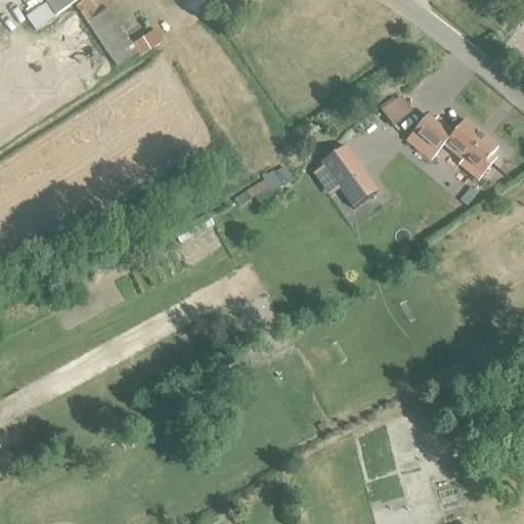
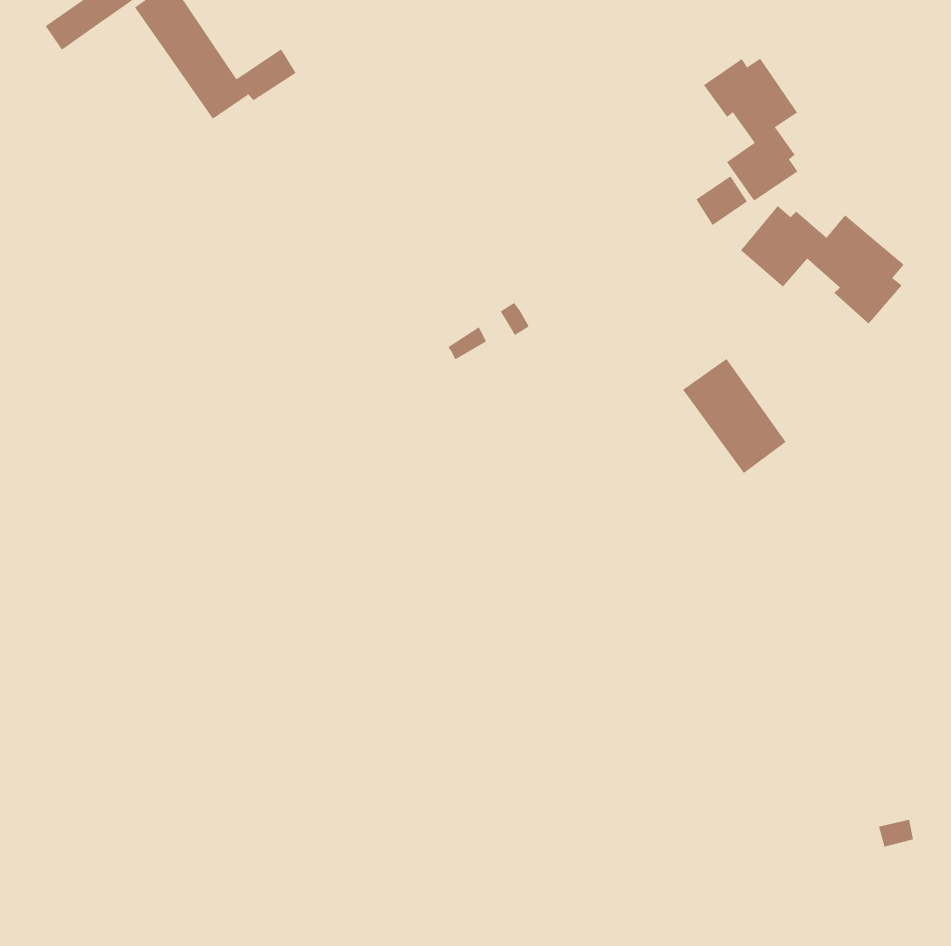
building: none -> [703,58,798,201]
building: [320,143,378,207] -> [682,358,786,474]

